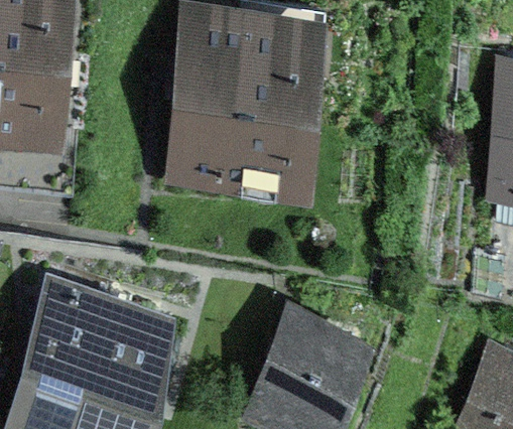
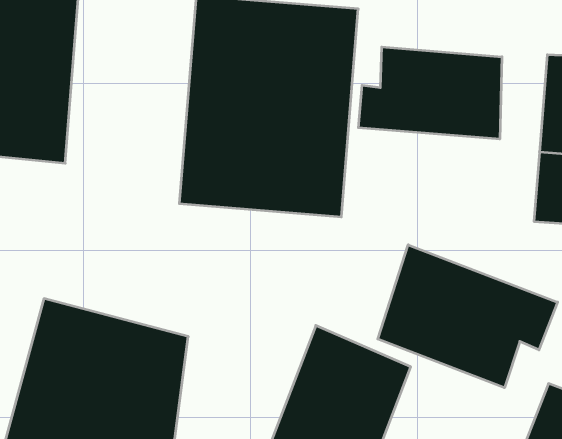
building: none -> [358,47,502,139]
building: none -> [378,245,558,388]

